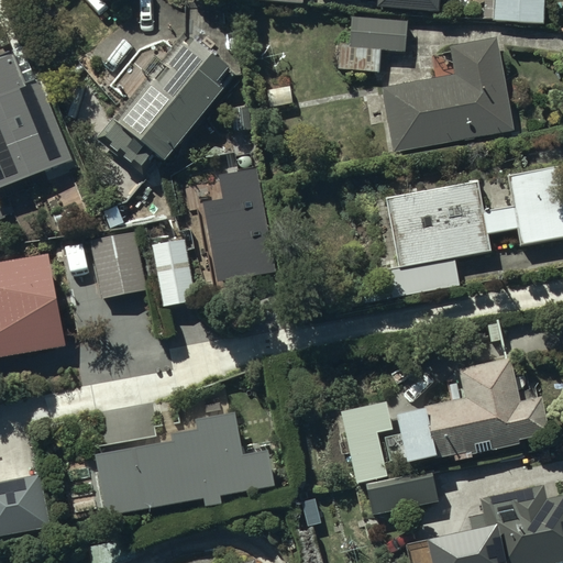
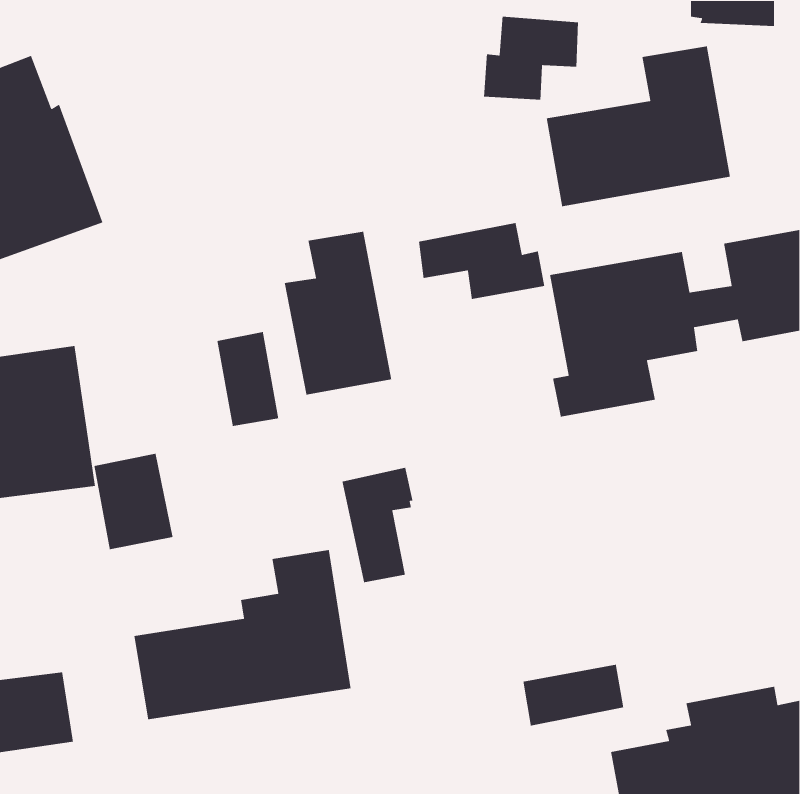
building: [99,32,232,170] -> none
building: none -> [418,222,545,300]
building: [90,232,146,300] -> [93,453,173,550]
building: [396,358,550,461] -> none
building: [341,401,391,483] -> [341,467,414,583]

